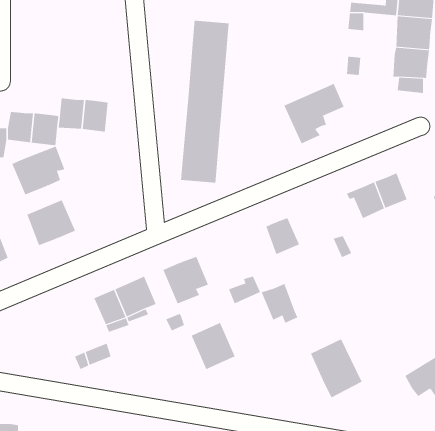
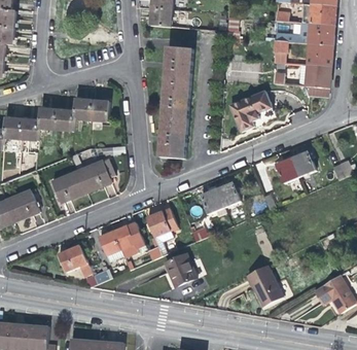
building: [12,146,65,195] -> [77,157,114,191]
building: [261,283,298,324] -> [201,188,226,216]
building: none -> [59,245,90,272]

